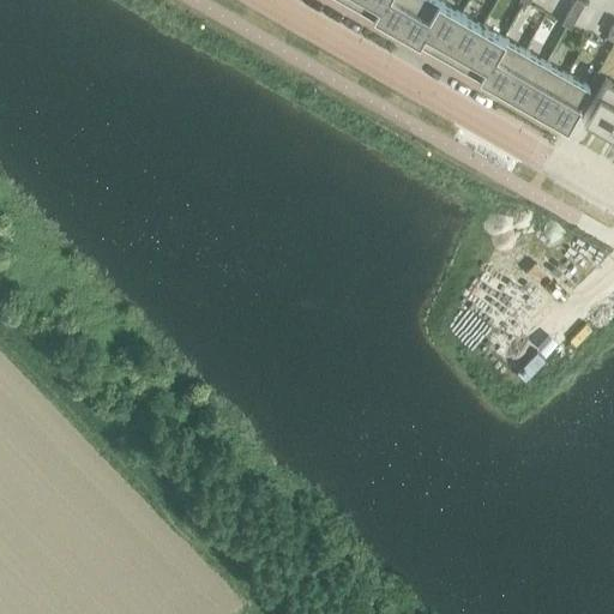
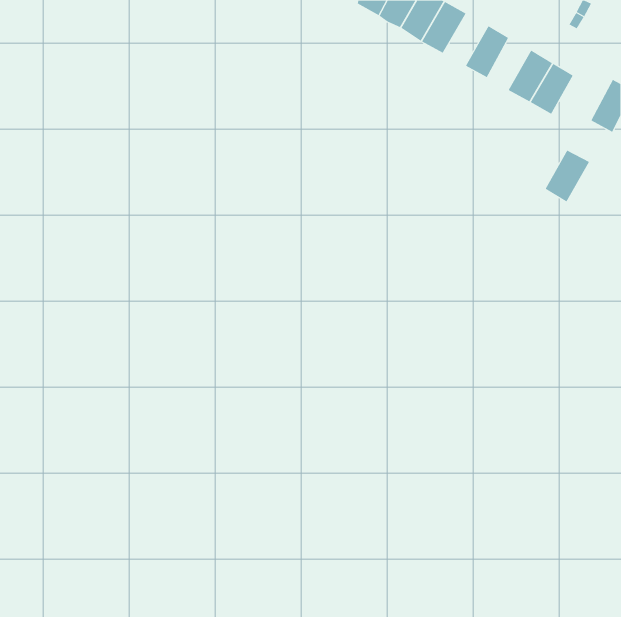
building: [437,18,481,70] -> none
building: [480,42,523,94] -> none
building: [543,79,588,131] -> [545,150,590,202]

